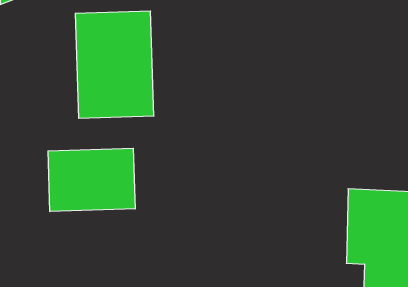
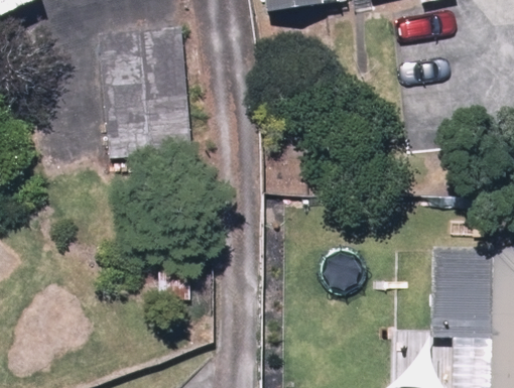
building: [48,148,135,212] -> none

